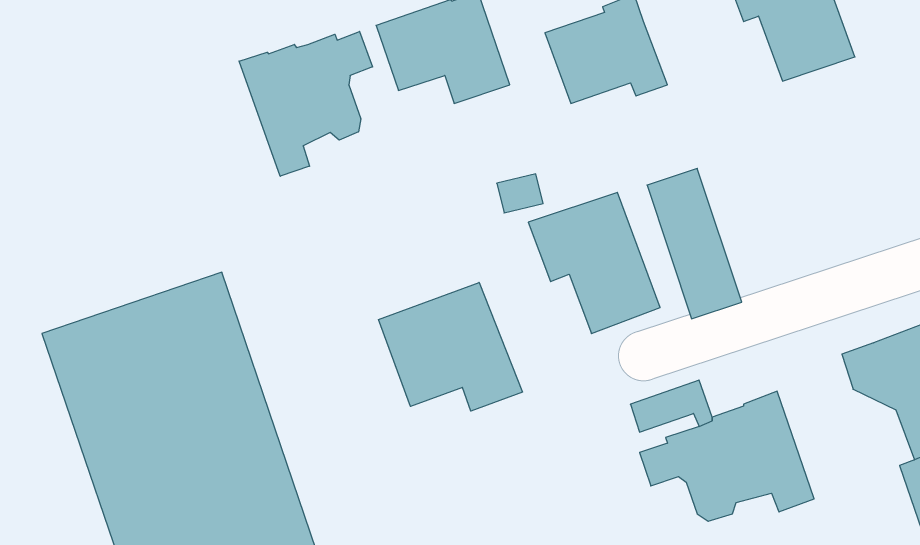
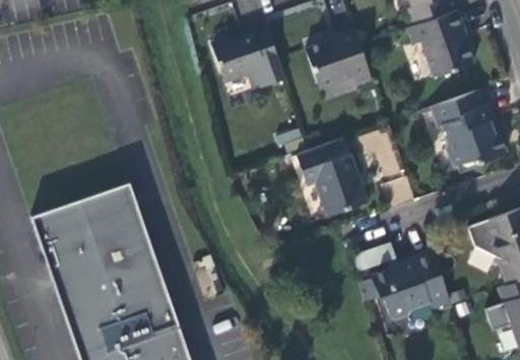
building: [239,31,373,176] -> none
building: none -> [429,92,505,165]
building: [379,282,523,411] -> none

